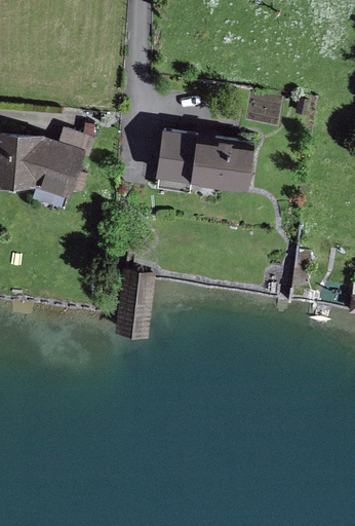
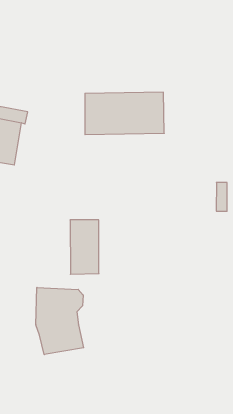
building: none -> [36,287,84,355]

